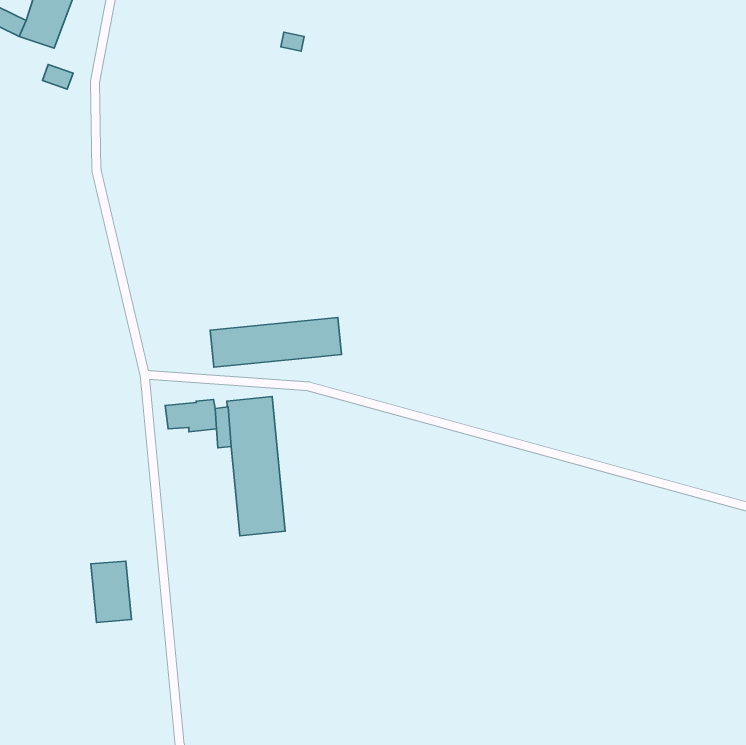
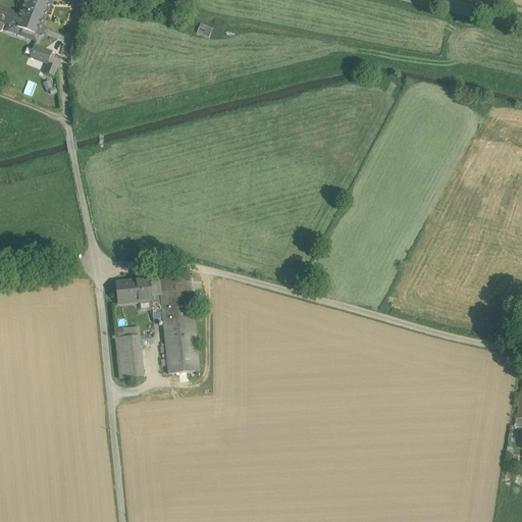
building: [210,318,342,367] -> none
building: [91,561,132,623] -> [114,335,143,378]

